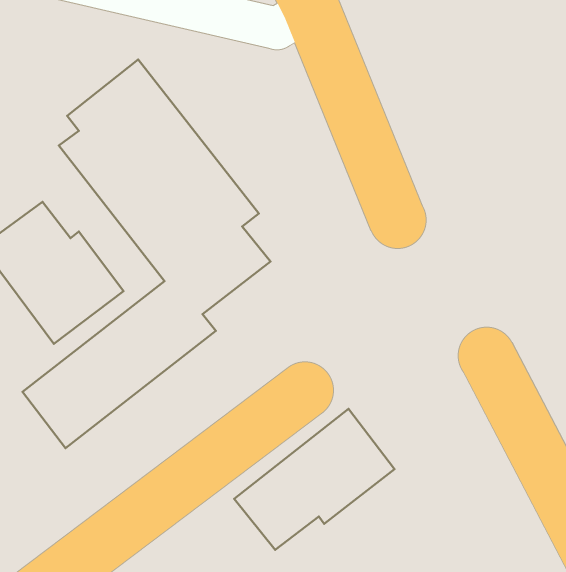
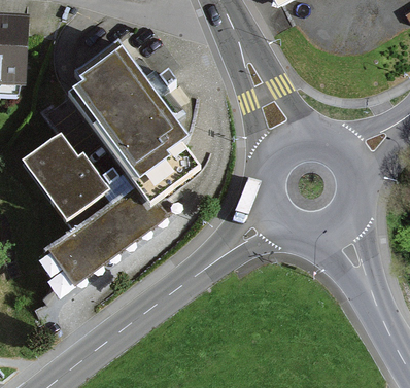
building: [234,409,394,550] -> none

